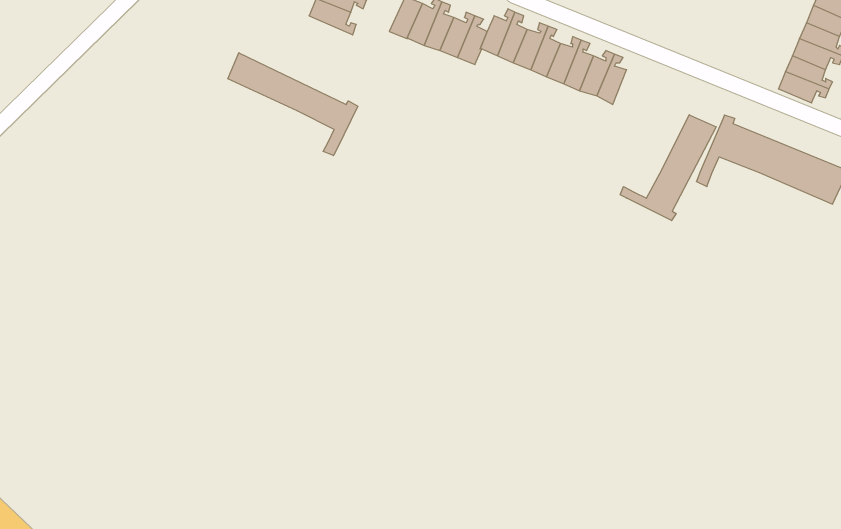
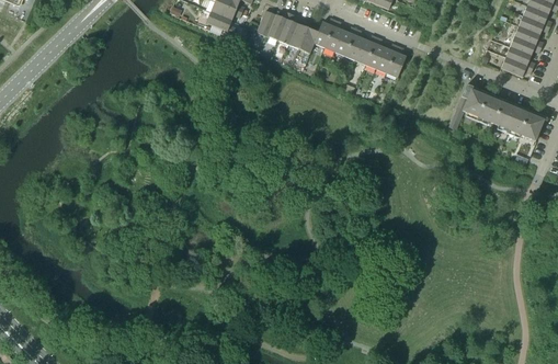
building: [228,53,358,156] -> none
building: [620,115,716,221] -> none

